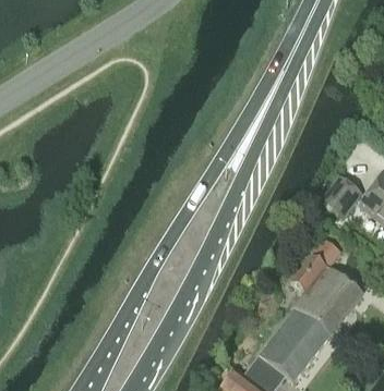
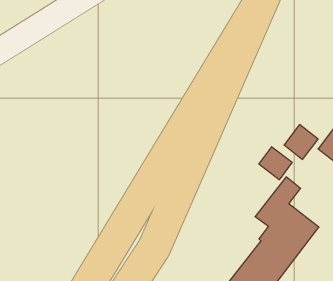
building: none -> [259,147,292,180]

